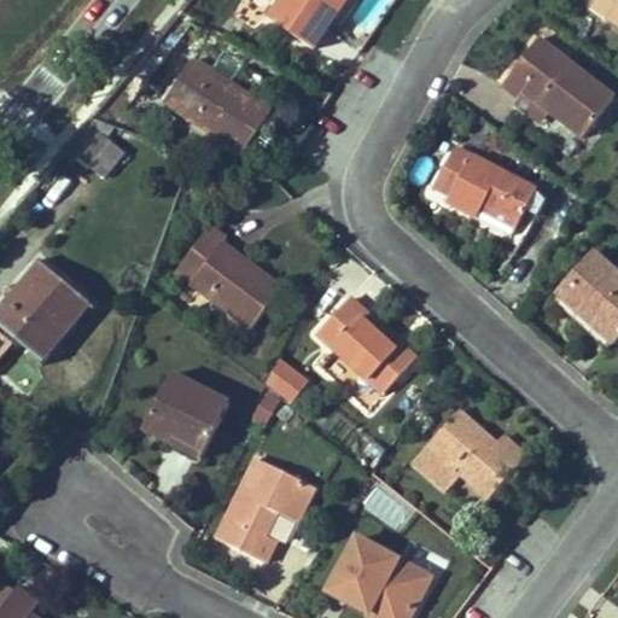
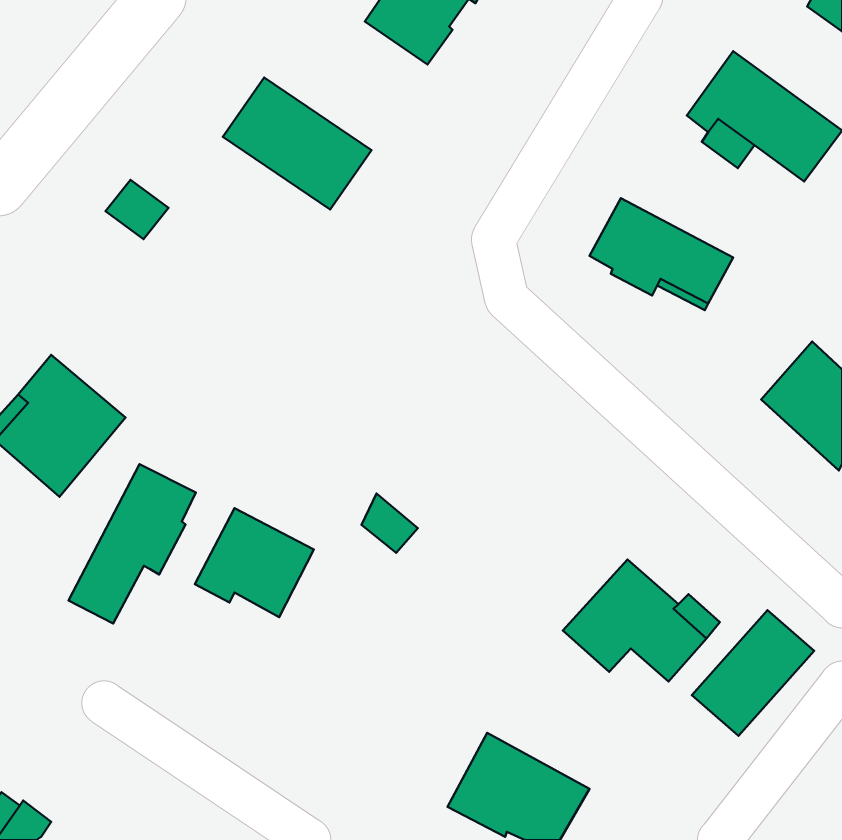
building: [173,223,281,328] -> none
building: [316,297,416,393] -> none
building: none -> [69,464,196,624]
building: none -> [692,610,814,736]
building: [215,457,315,562] -> none

